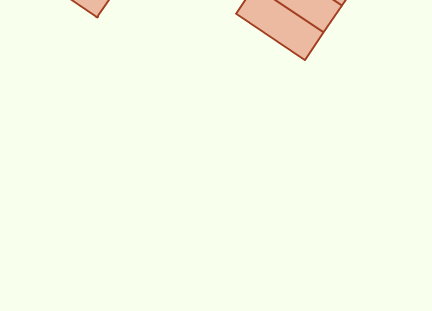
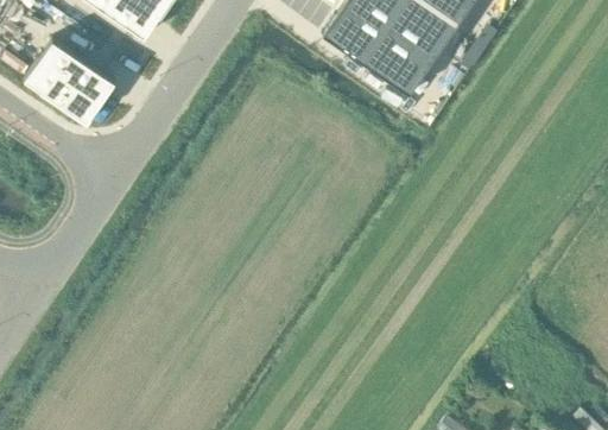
building: none -> [26,37,116,121]

